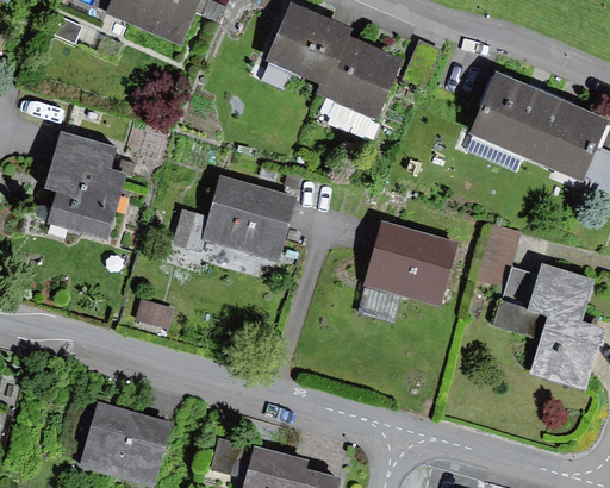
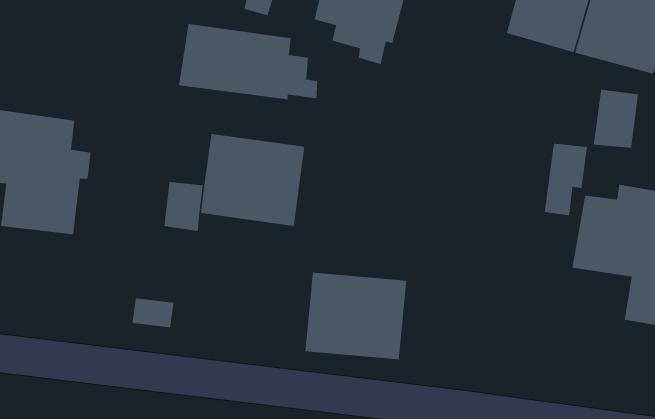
building: none -> [178,23,318,100]
building: none -> [593,89,639,149]
building: [362,227,453,308] -> [304,272,407,360]

